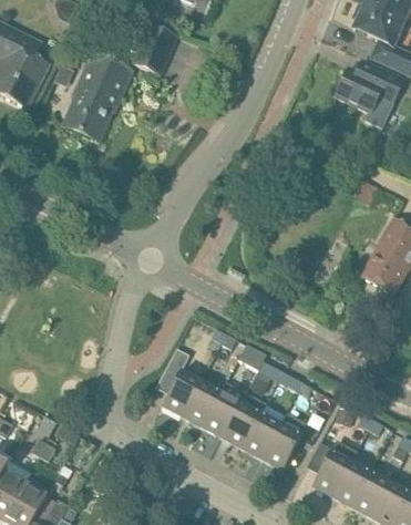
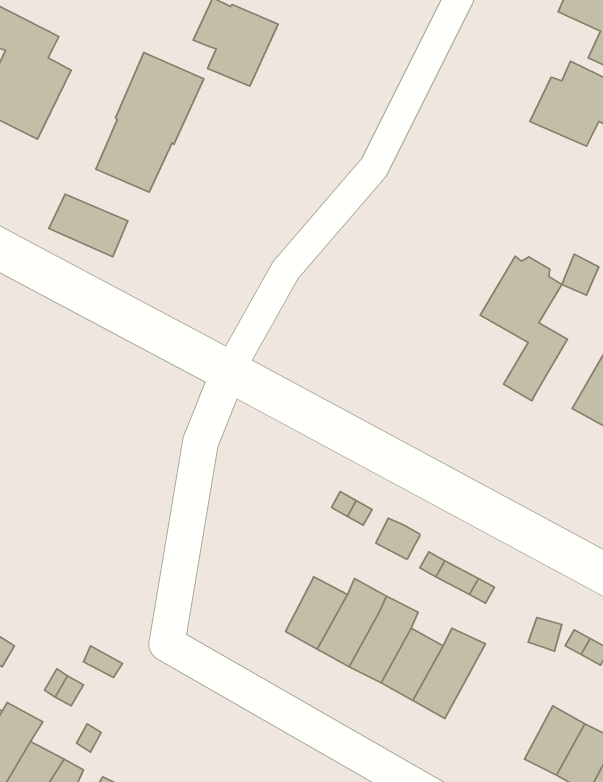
building: none -> [49,194,128,257]
building: none -> [480,256,567,401]
building: [162,371,199,415] -> none
building: [311,440,356,495] -> none

